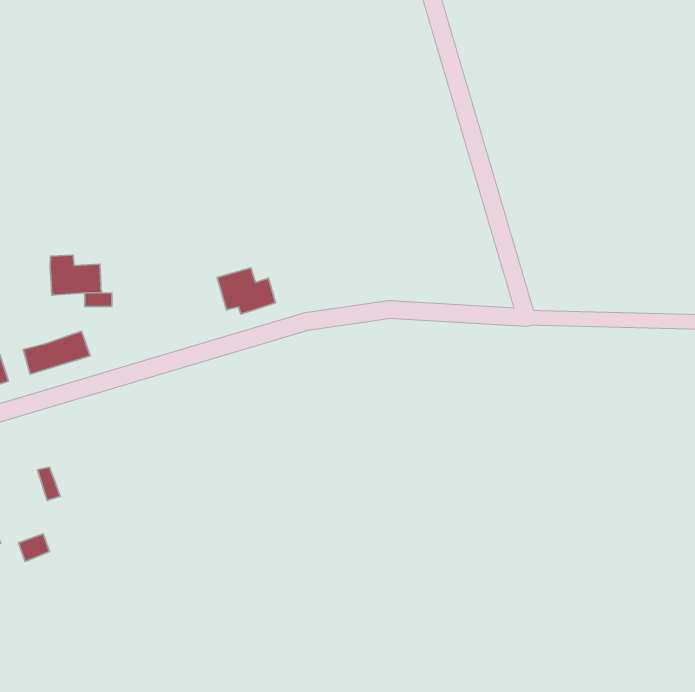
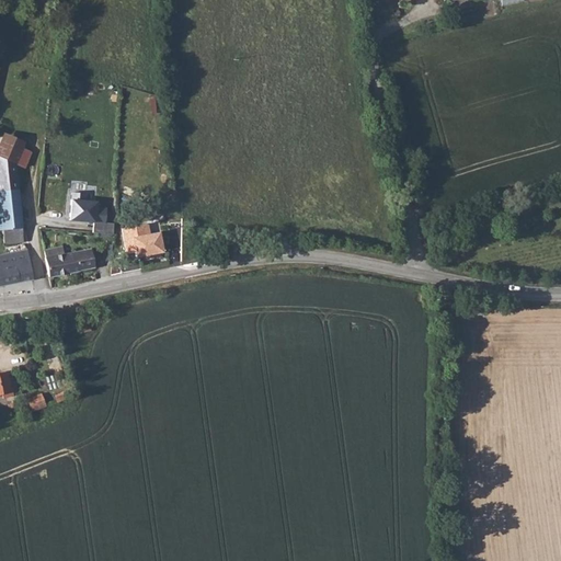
building: [217,268,276,314] -> [121,219,161,252]

